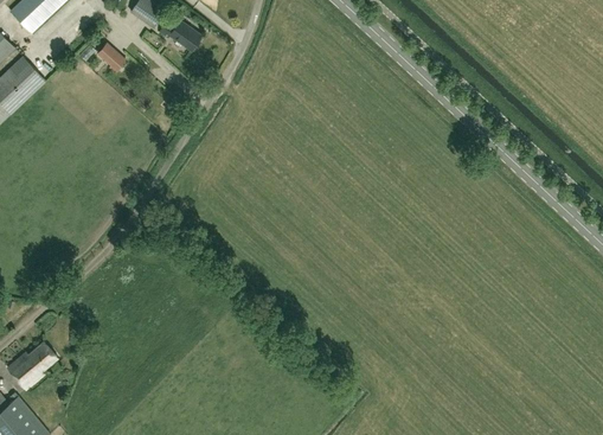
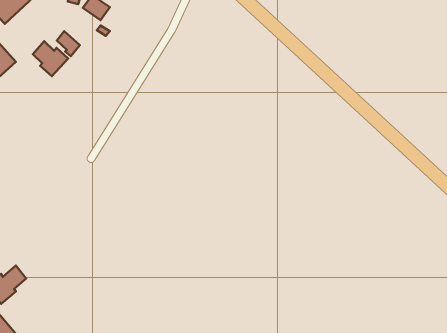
building: [159,19,203,50] -> none
building: none -> [33,41,68,76]

